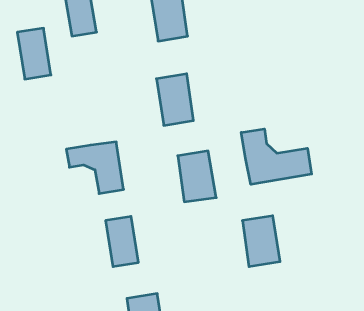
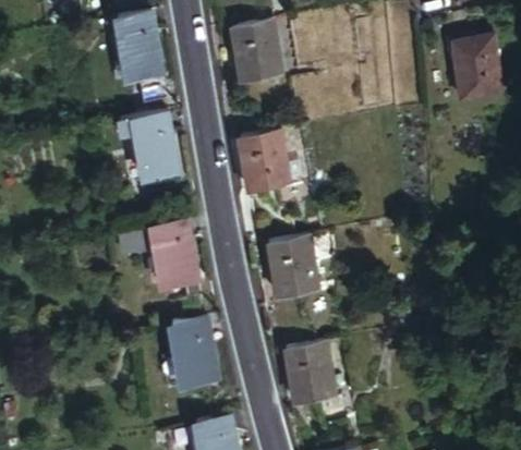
building: none -> [453,38,500,101]
building: [17,28,51,79] -> [132,109,177,177]
building: [241,129,312,184] -> none
building: [242,216,280,267] -> [287,339,337,406]

